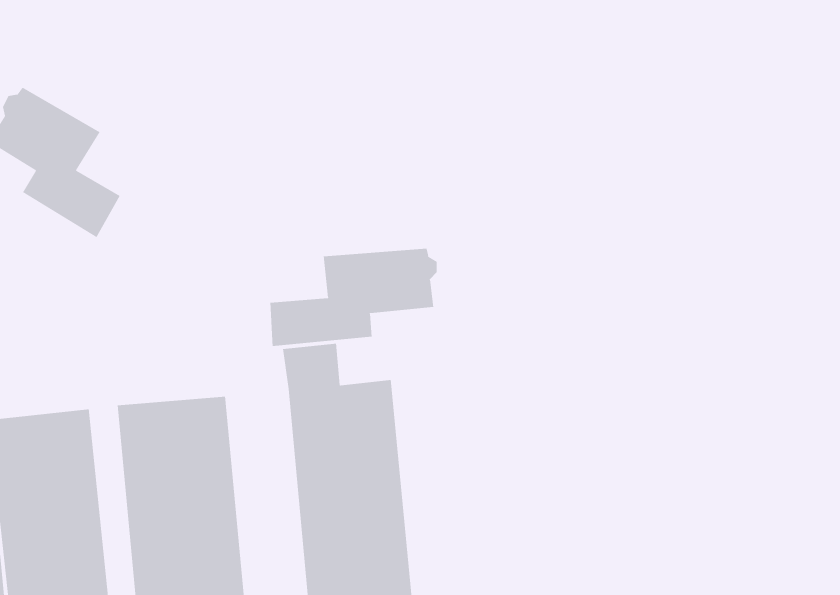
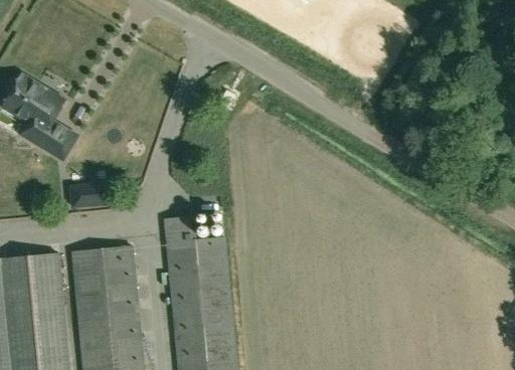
building: [270,248,437,347] -> none
building: none -> [70,182,109,207]

